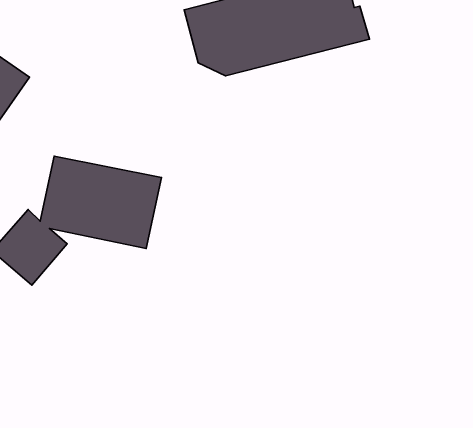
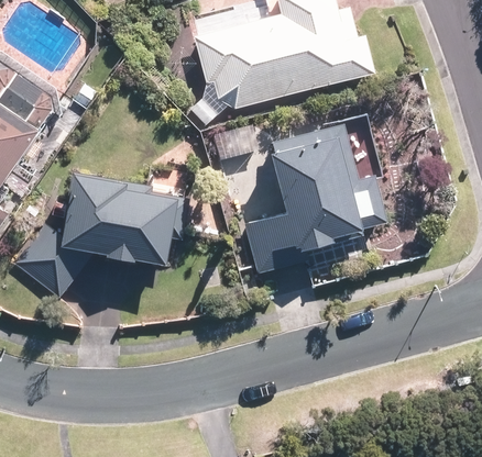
building: none -> [252,132,384,268]

